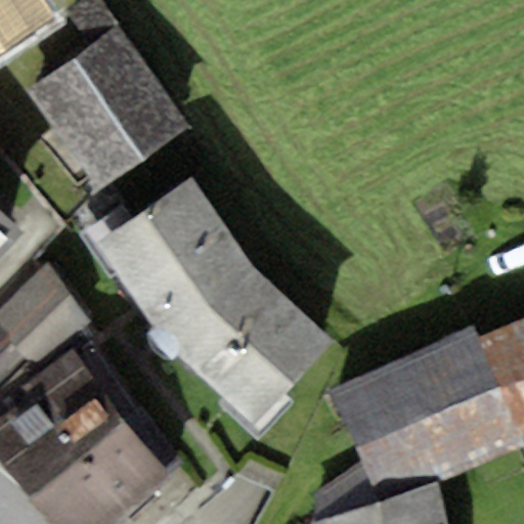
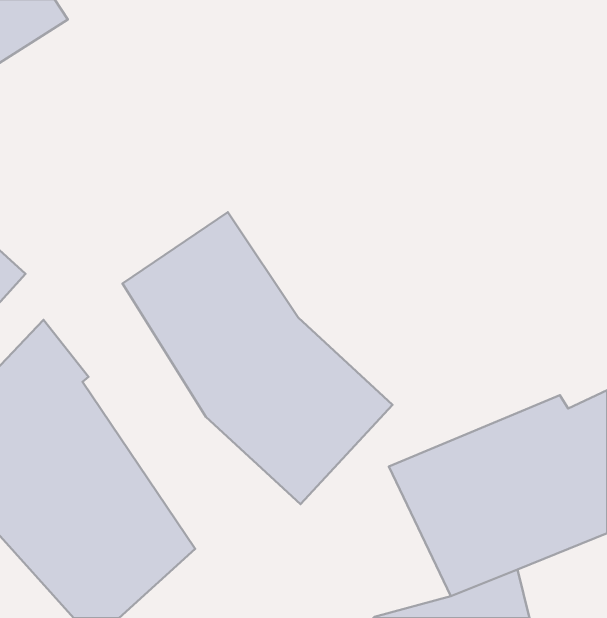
building: [25,26,183,182] -> none

